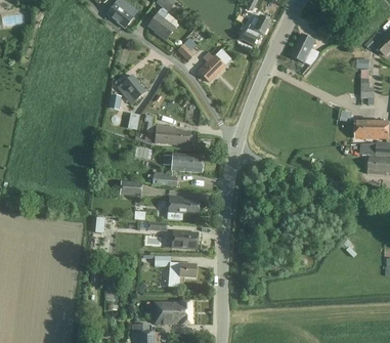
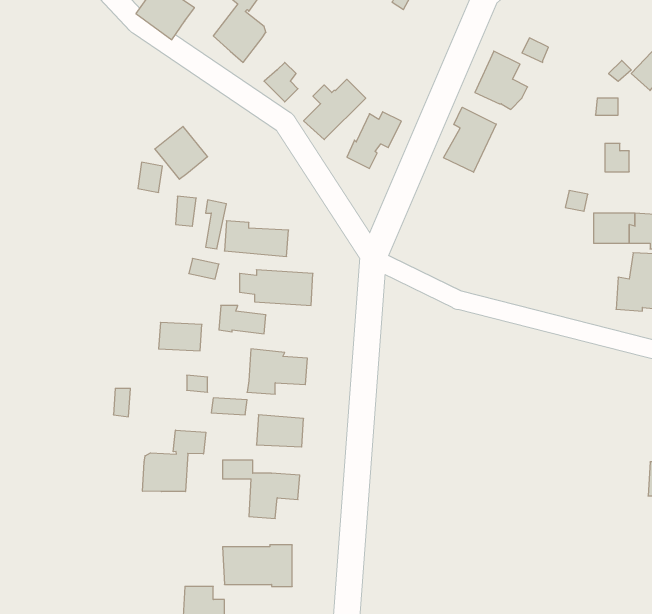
building: [241,14,270,45] -> [347,112,401,168]
building: none -> [444,107,496,172]
building: none -> [143,430,206,492]

